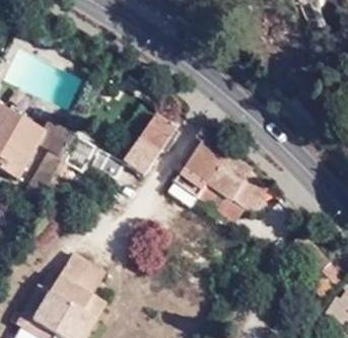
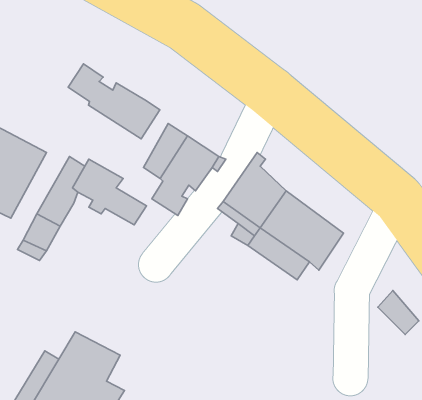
building: none -> [68,64,160,139]

